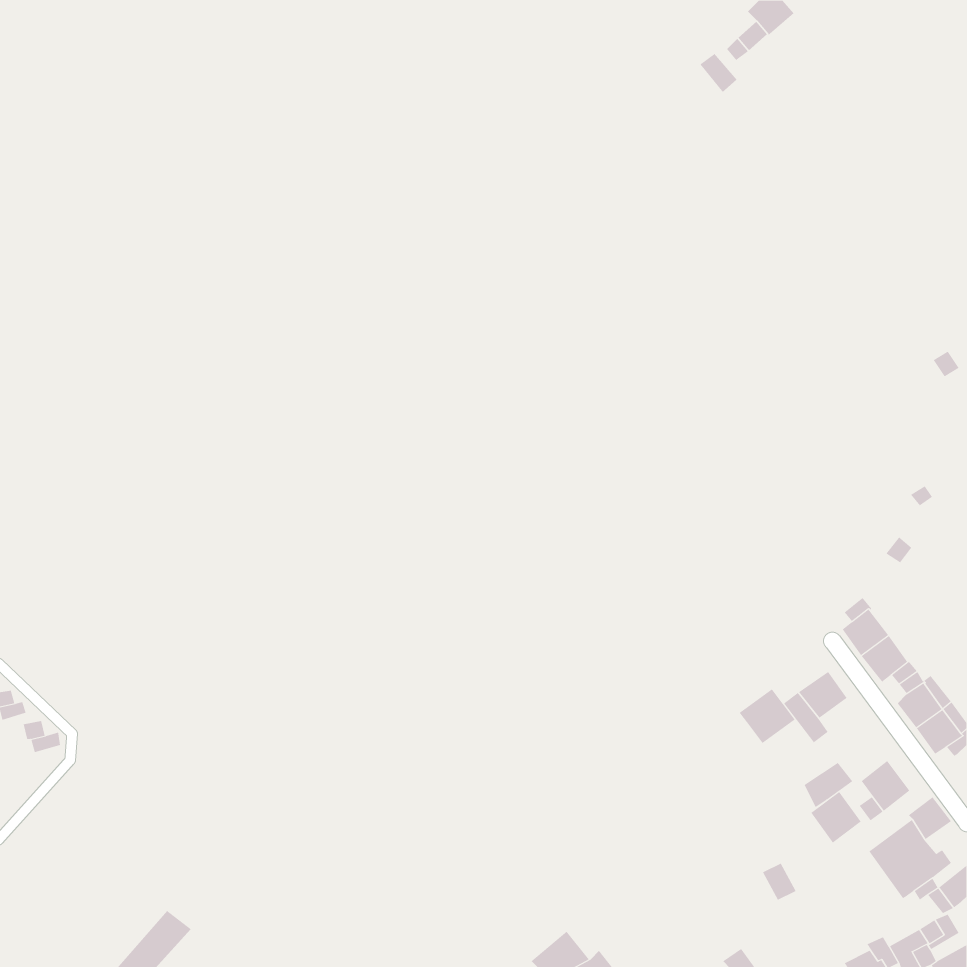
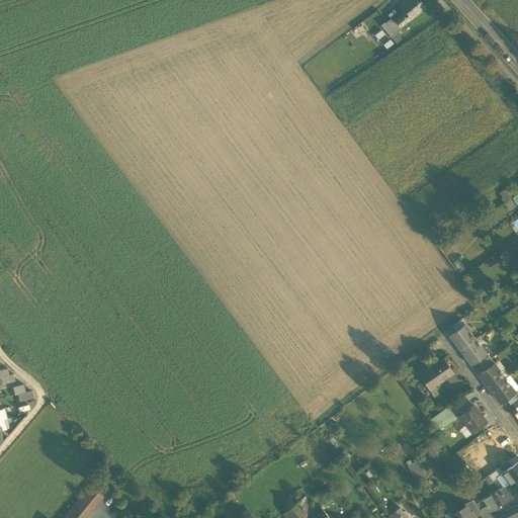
building: [739,689,795,744] -> none
building: [811,791,861,843] -> none

